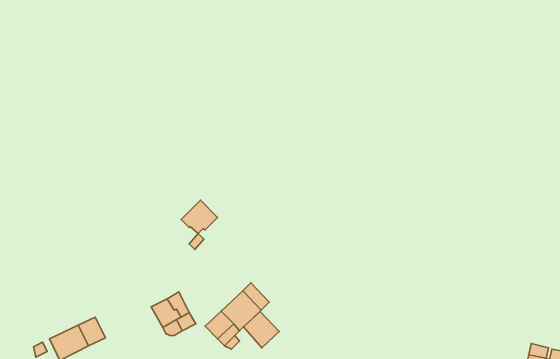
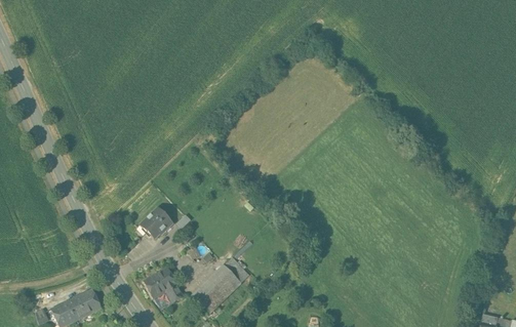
building: [181,200,218,233] -> [141,207,173,237]
building: [244,312,279,348] -> none

